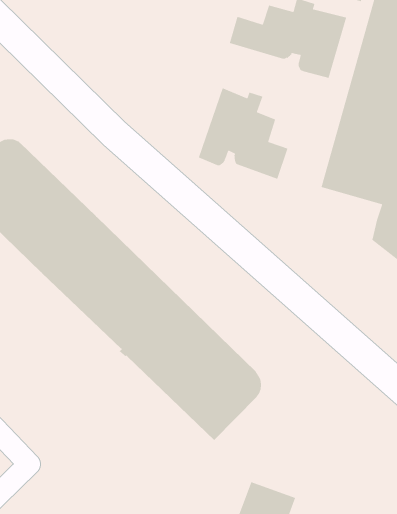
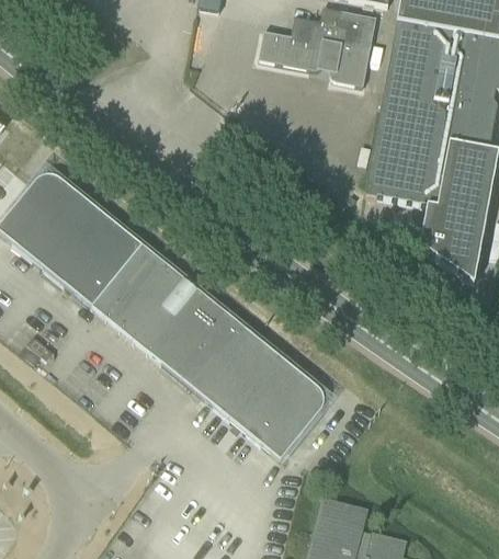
building: [198,87,289,180] -> none

